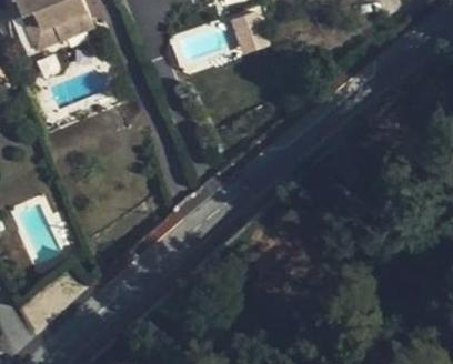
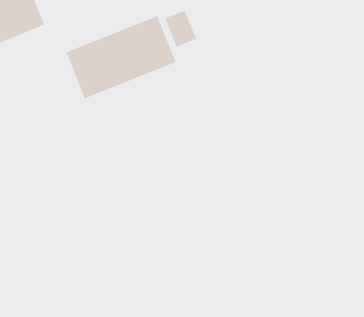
building: none -> [65,15,177,99]

